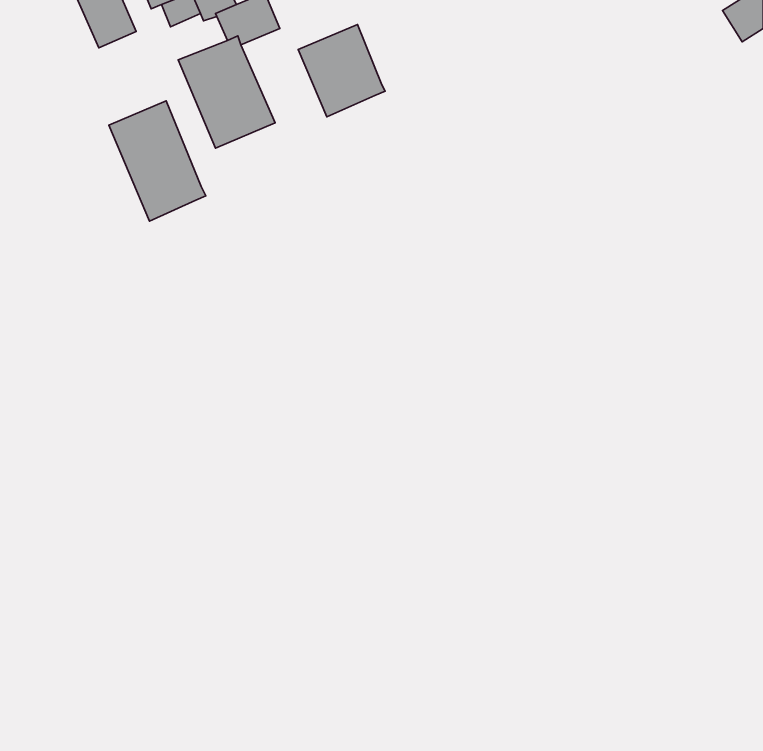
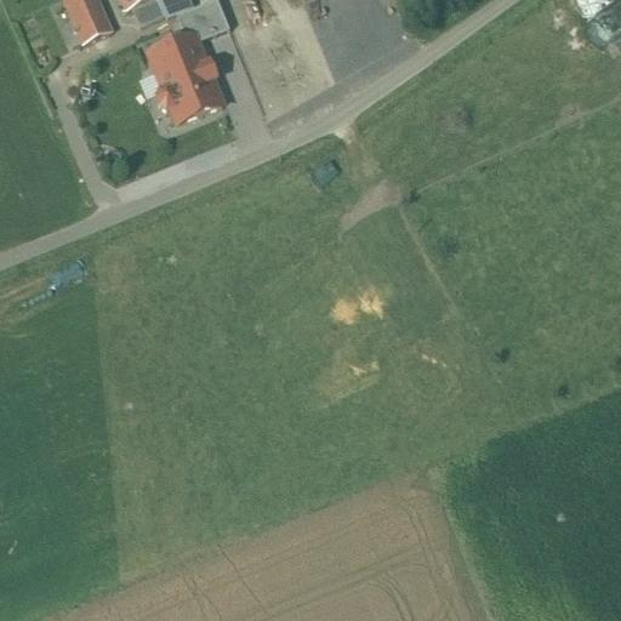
building: [298,24,385,117] -> none
building: [109,101,206,221] -> none

